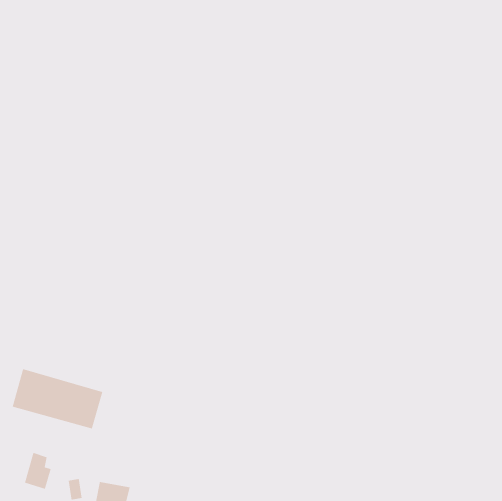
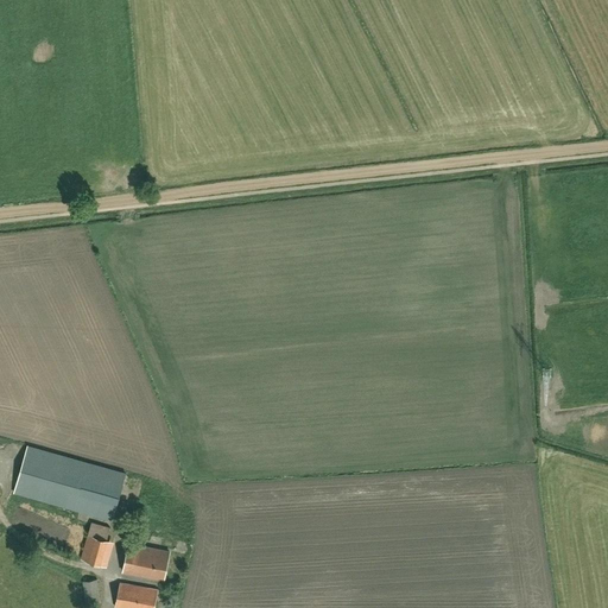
building: none -> [122,544,169,580]
building: [24,452,52,490] -> [81,522,114,568]

